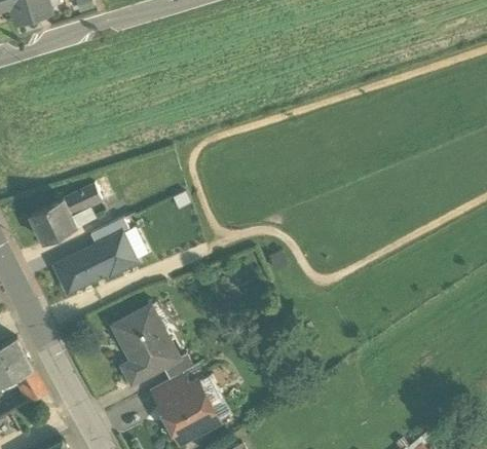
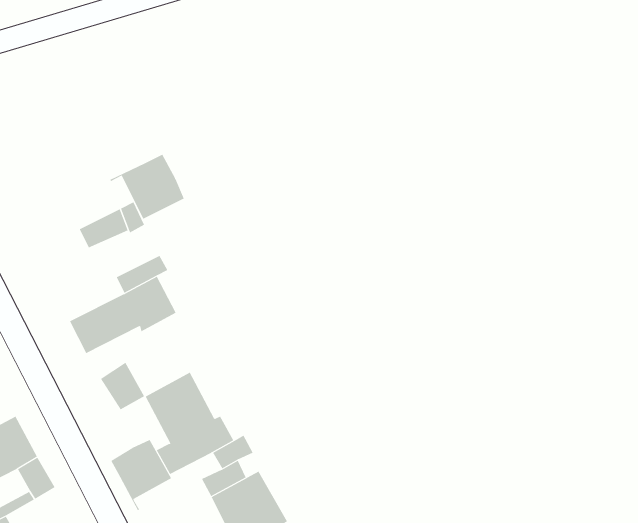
building: none -> [109,154,185,219]
building: [29,199,76,244] -> none
building: none -> [100,362,145,410]
building: none -> [110,439,172,511]

